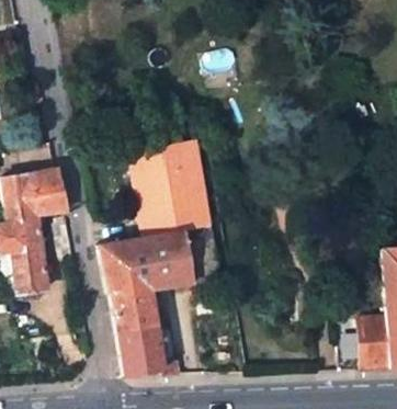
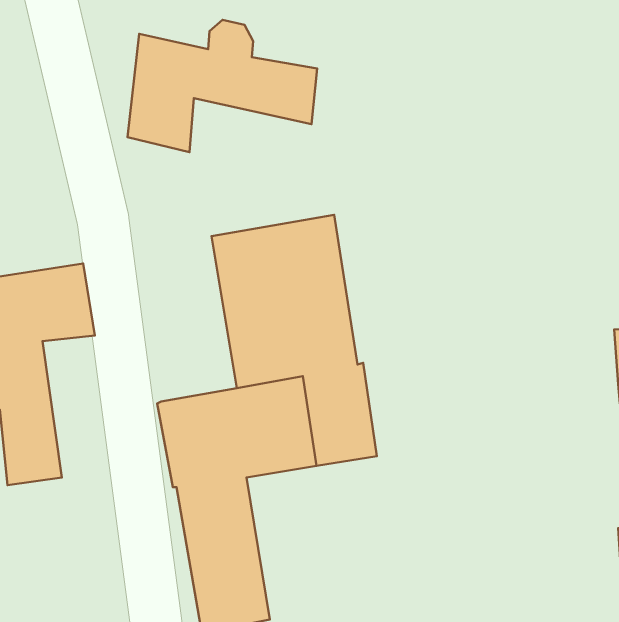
building: none -> [127,20,317,152]

